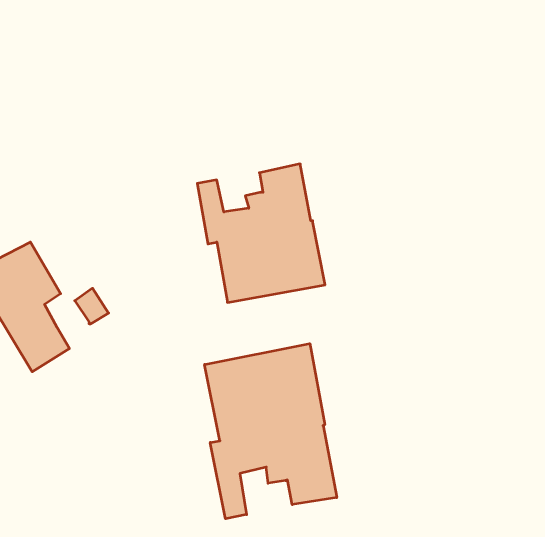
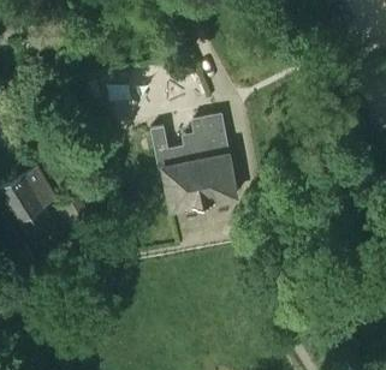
building: [205,344,337,519] -> none

